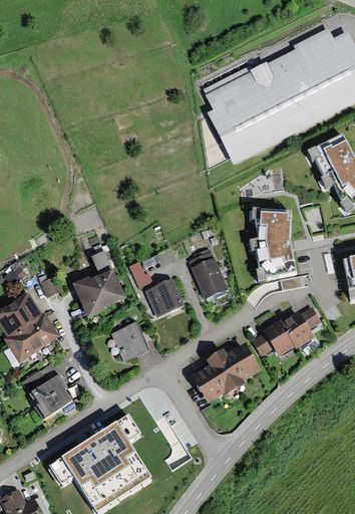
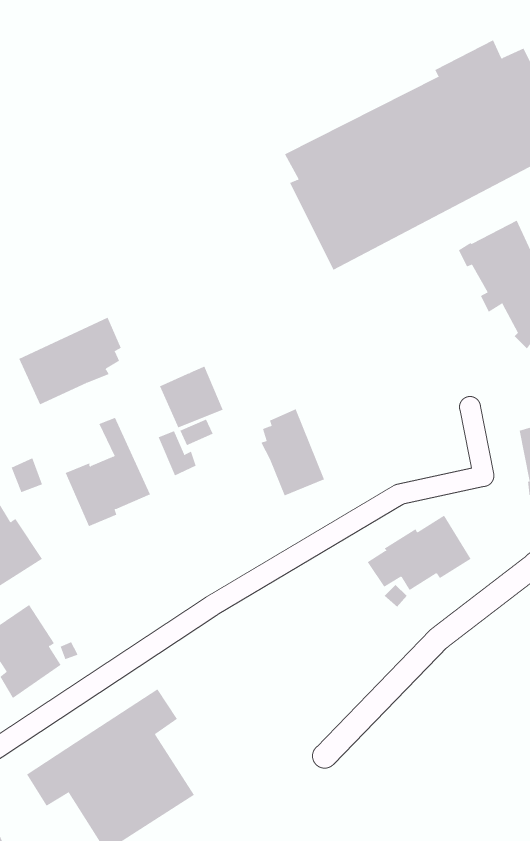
building: none -> [19,317,121,405]
building: [250,209,295,281] -> none
building: [144,278,183,315] -> [159,366,223,428]
building: [110,321,148,360] -> none
building: [190,340,261,403] -> none

